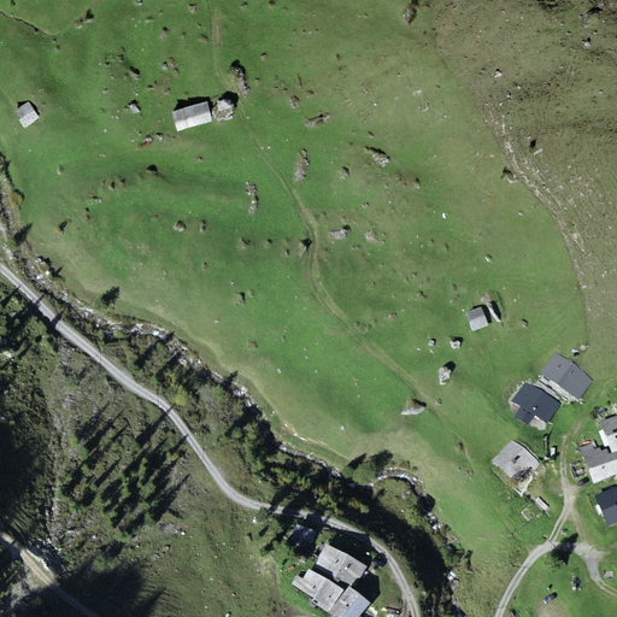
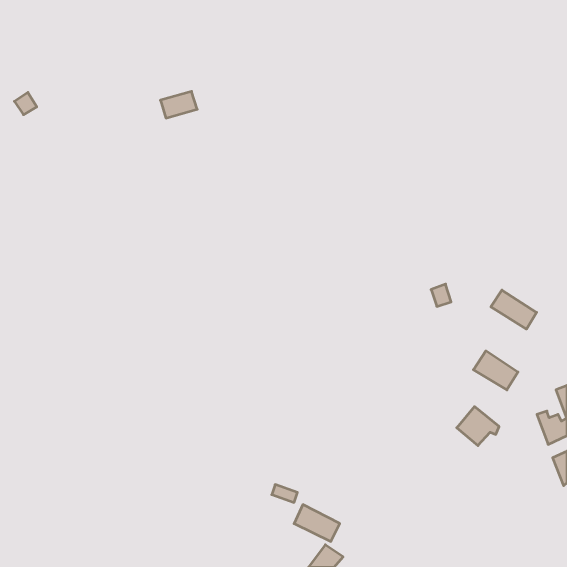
building: [542,355,592,398] -> [491,290,537,329]
building: [289,570,341,607] -> none

